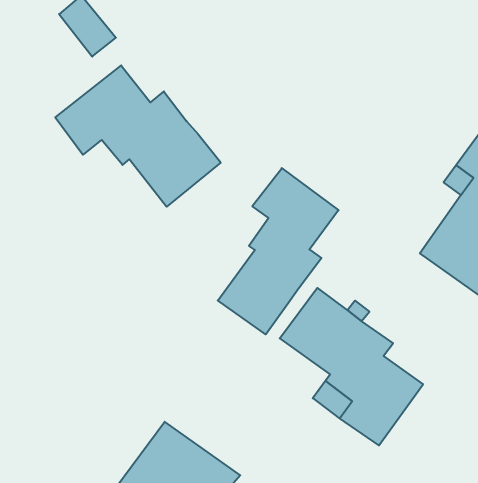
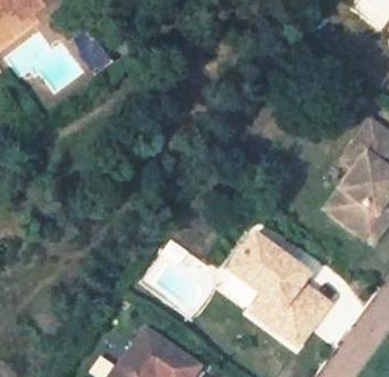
building: [55,65,221,207] -> none
building: [218,168,339,334] -> none

